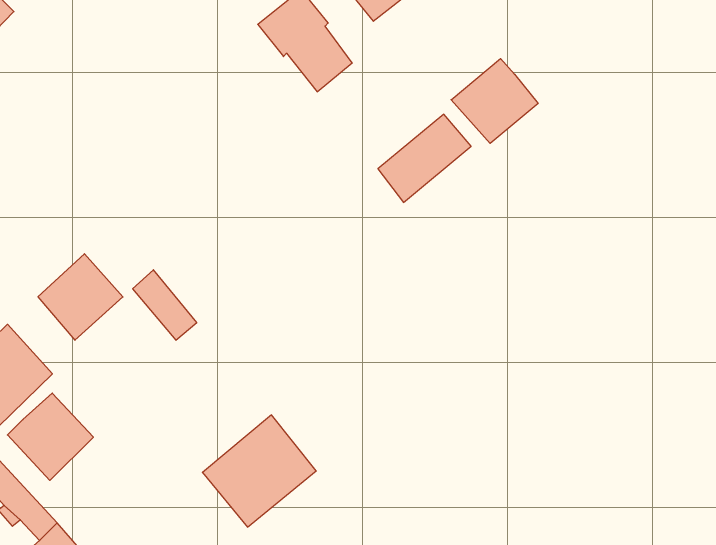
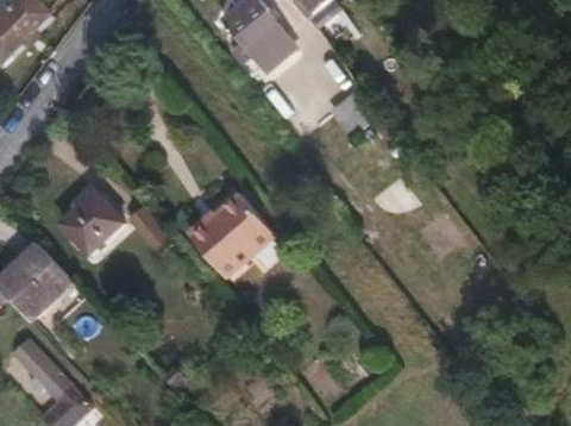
building: [451,59,538,143] -> none
building: [7,393,93,480] -> none
building: [202,415,316,527] -> [194,195,278,278]

